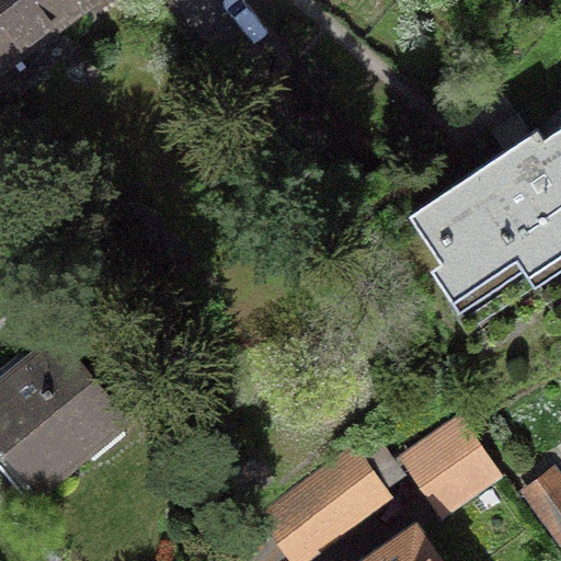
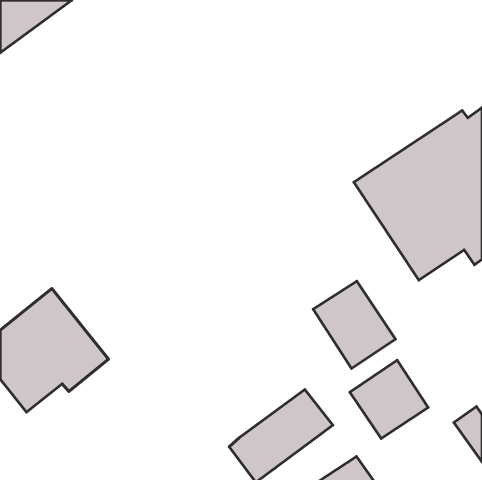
building: none -> [313,281,395,368]

